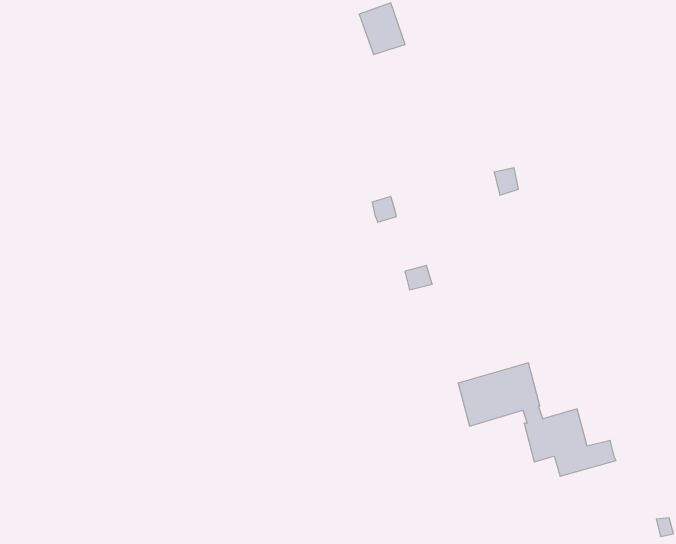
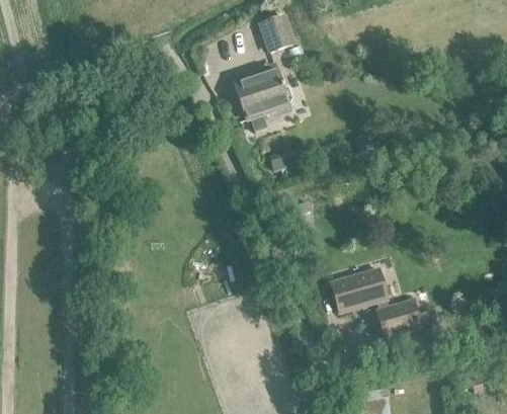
building: none -> [231,62,292,120]

